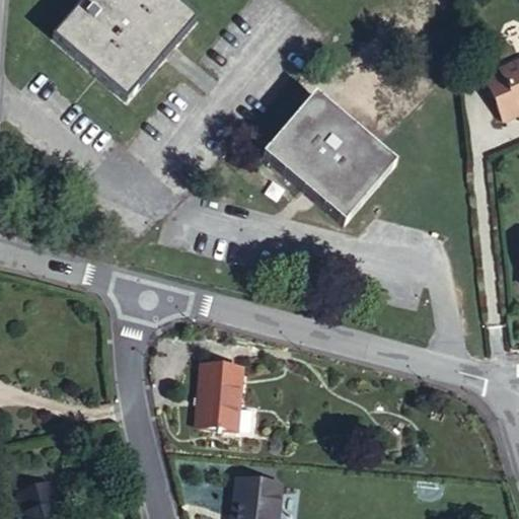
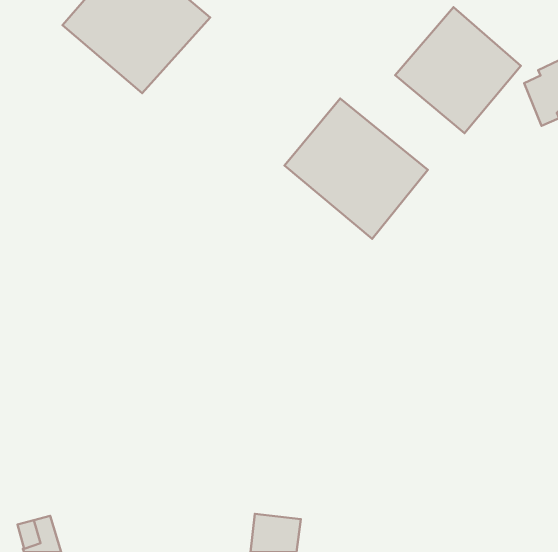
building: none -> [395,7,521,133]
building: [197,361,251,428] -> none

